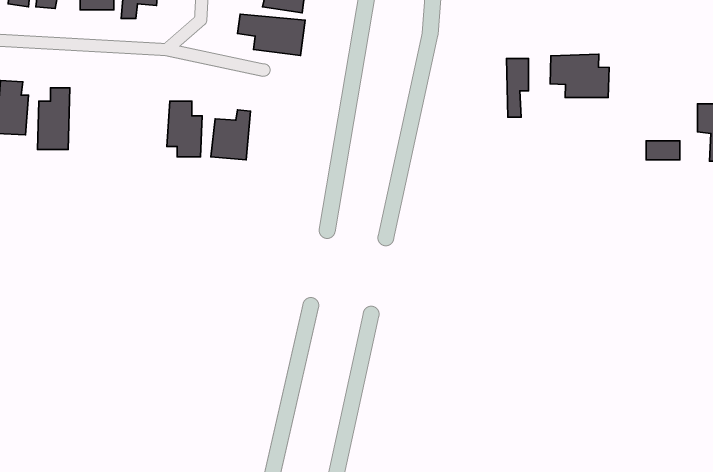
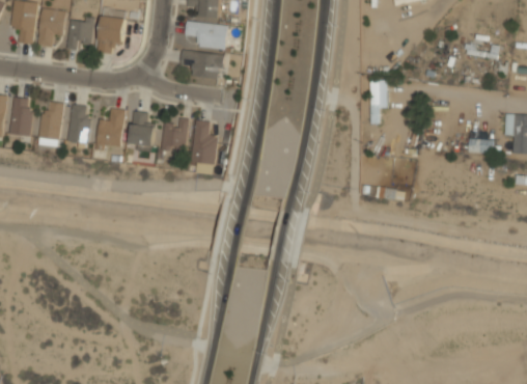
building: [550,54,609,97] -> none
building: none -> [67,104,91,143]
building: none -> [95,108,123,149]
building: none -> [190,119,218,167]

